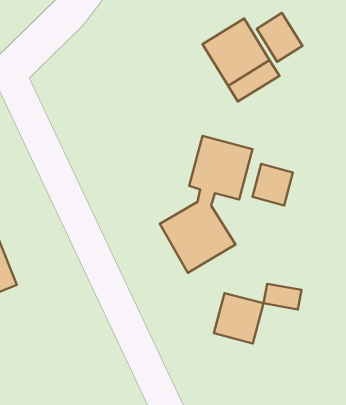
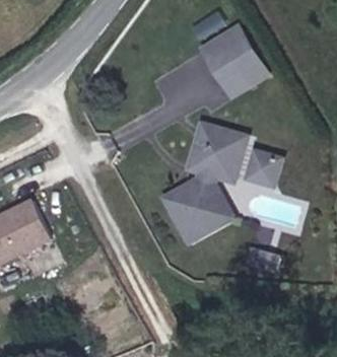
building: [257,13,302,62] -> none
building: [214,293,264,343] -> none

